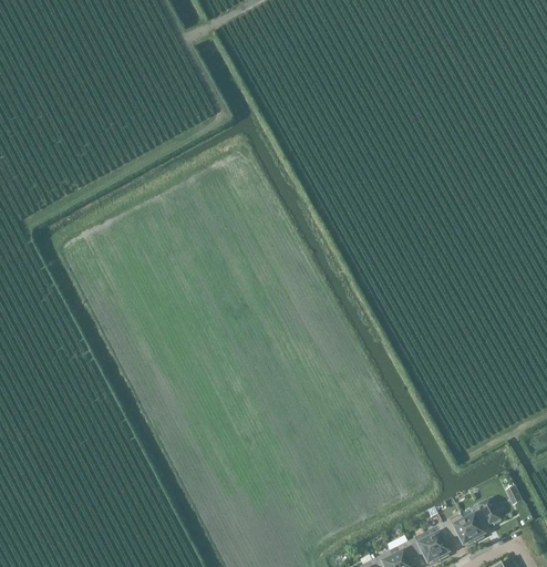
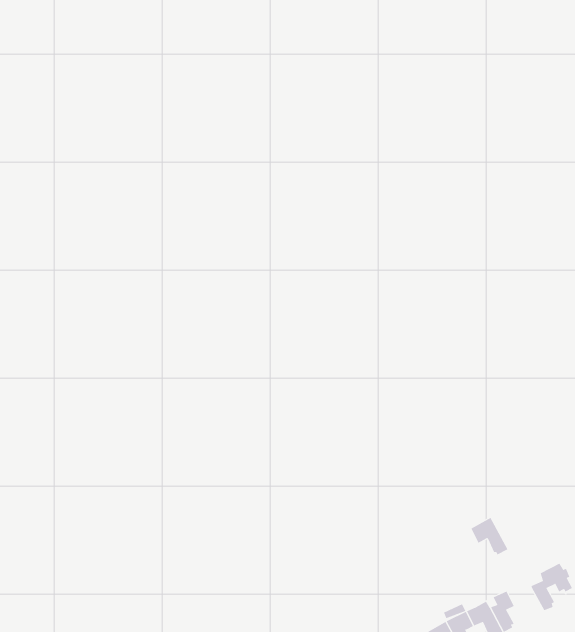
building: [443,515,476,548] -> [471,517,509,555]

